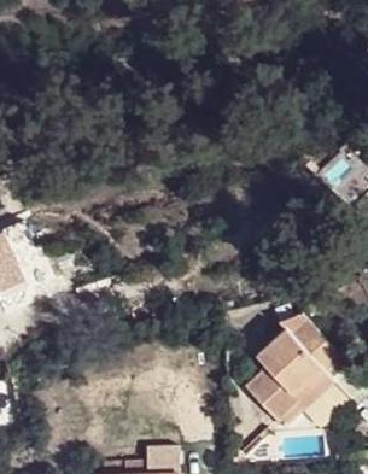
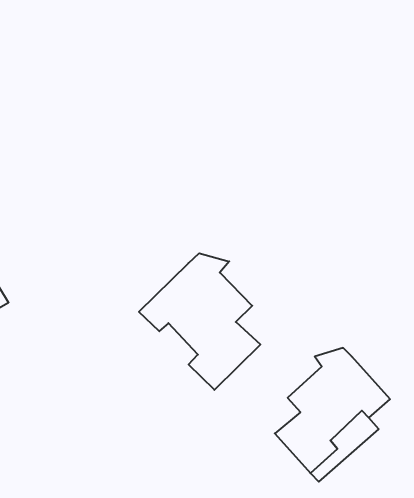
building: none -> [139,253,260,390]

